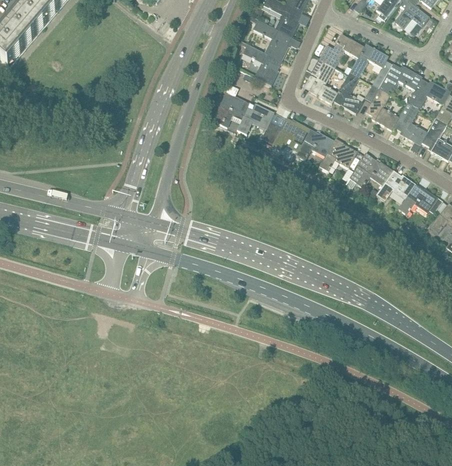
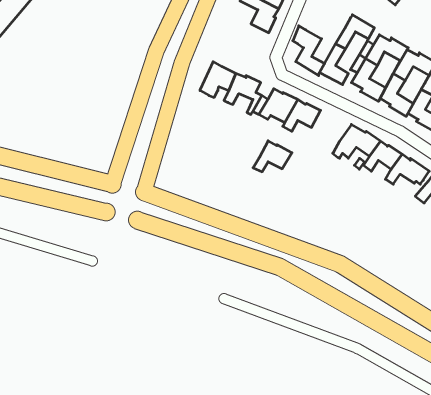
building: [319,33,364,67] -> none
building: [242,43,282,85] -> none
building: [319,139,358,170] -> [253,141,292,172]

